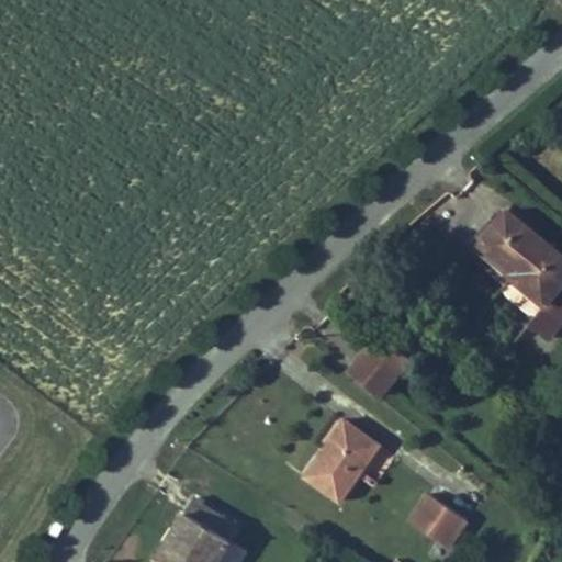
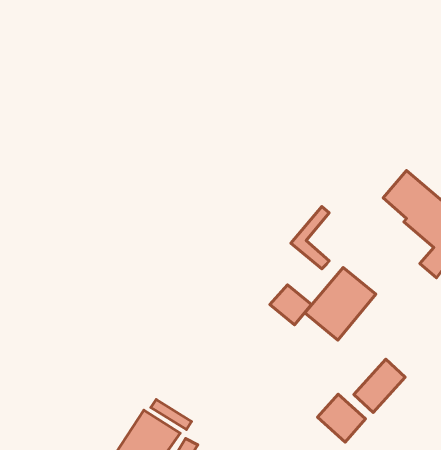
building: [471,207,518,284] -> [291,207,329,269]
building: [292,416,380,506] -> [305,267,376,340]
building: none -> [354,359,405,413]

